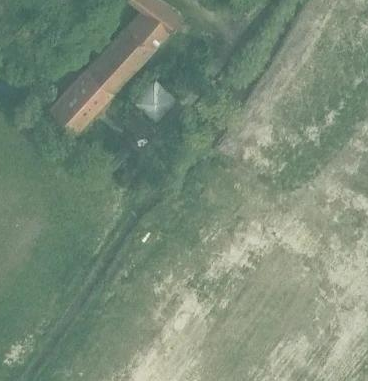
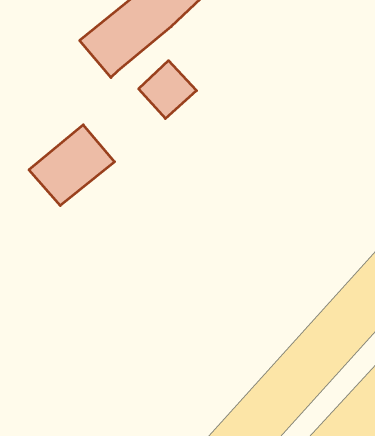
building: [46,72,110,135] -> [29,125,115,206]

